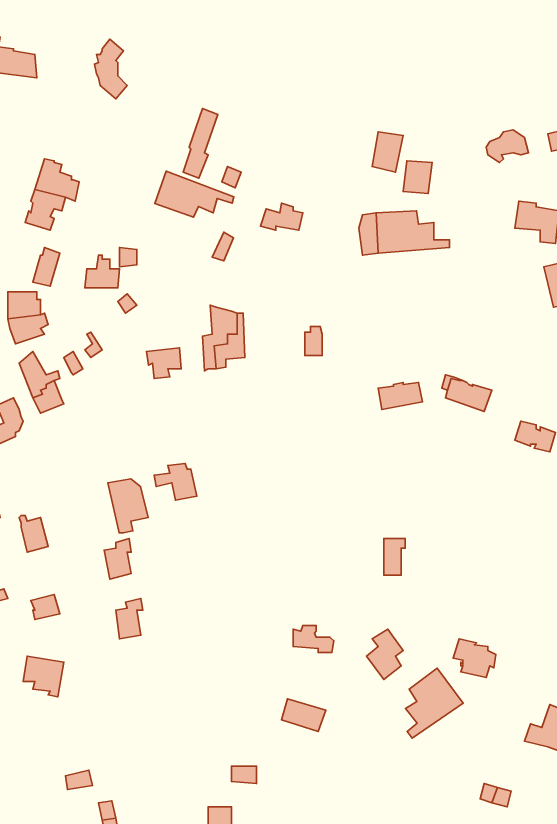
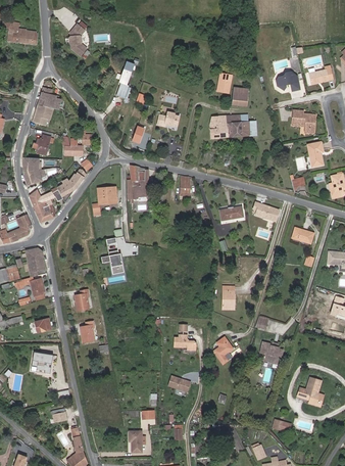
building: [155,171,234,217] -> none
building: [108,479,148,533] -> [24,248,46,277]
building: [406,668,463,738] -> none

